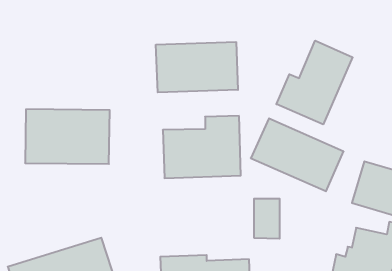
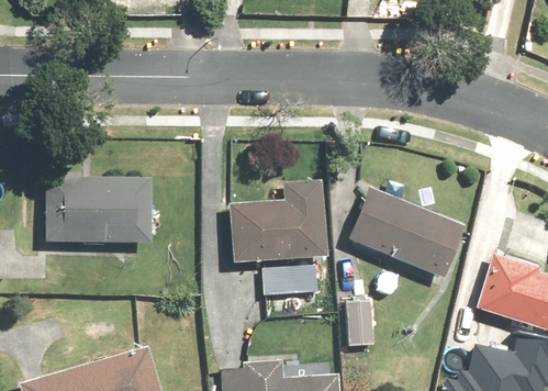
building: [276,41,353,124] -> none
building: [156,42,238,92] -> none
building: none -> [265,266,317,300]

